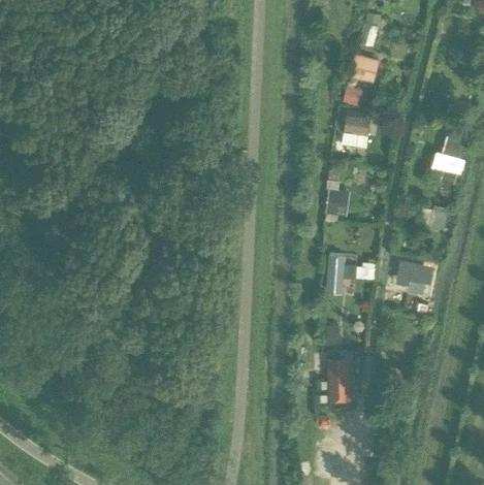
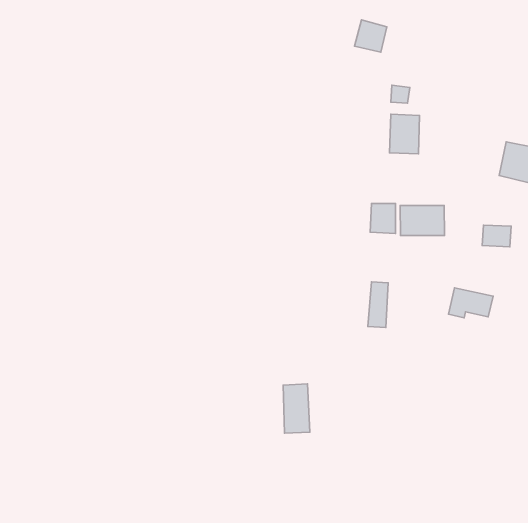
building: [351,54,379,82] -> [354,20,387,52]
building: none -> [400,205,445,235]
building: [327,359,350,401] -> [283,384,310,433]

